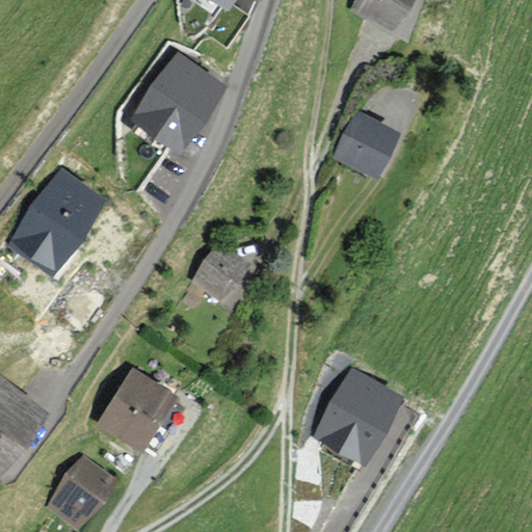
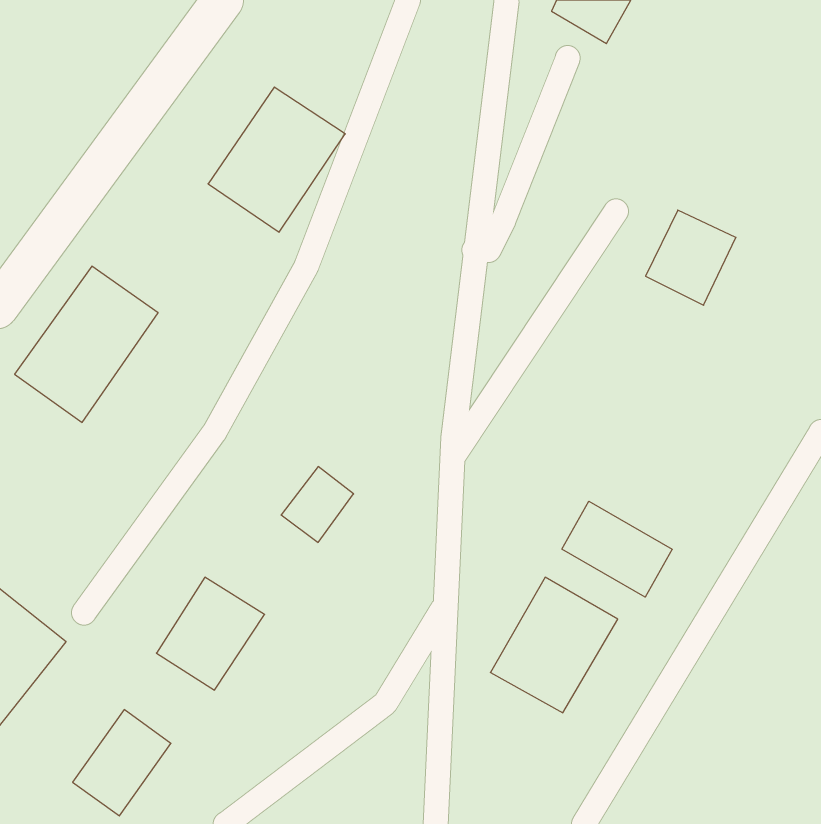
building: [338,114,396,176] -> [646,210,736,305]
building: [193,248,240,297] -> [281,467,354,542]
building: none -> [562,501,672,597]

